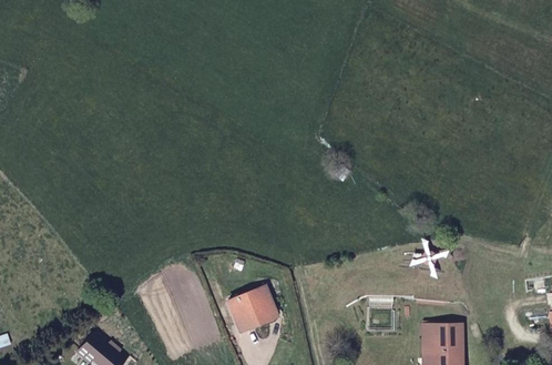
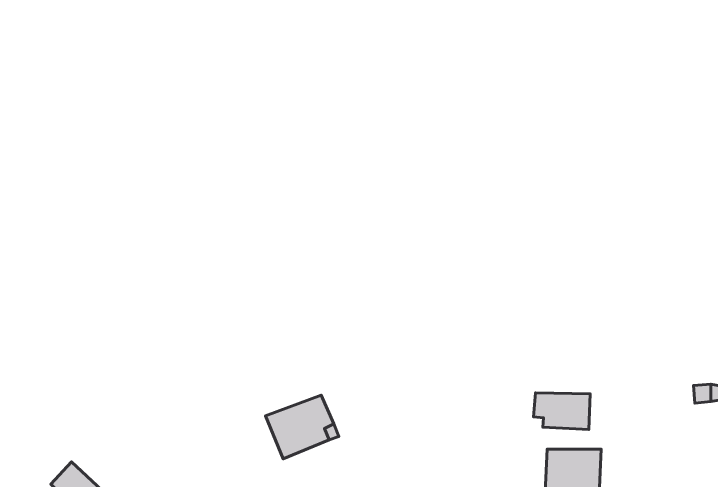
building: none -> [534,393,590,429]

